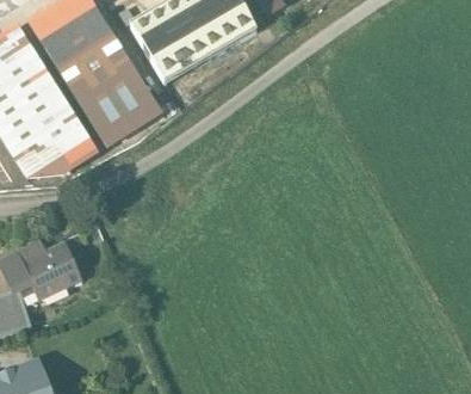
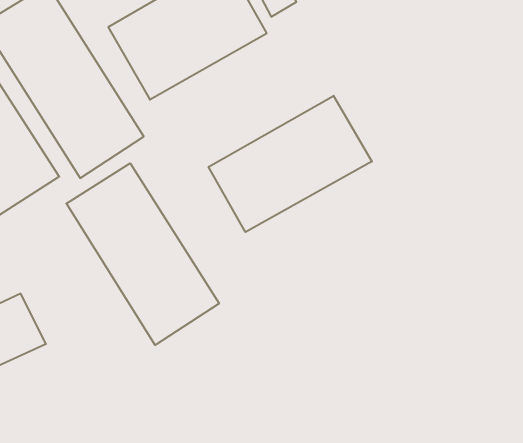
building: none -> [209,96,372,232]
building: none -> [66,163,219,345]

